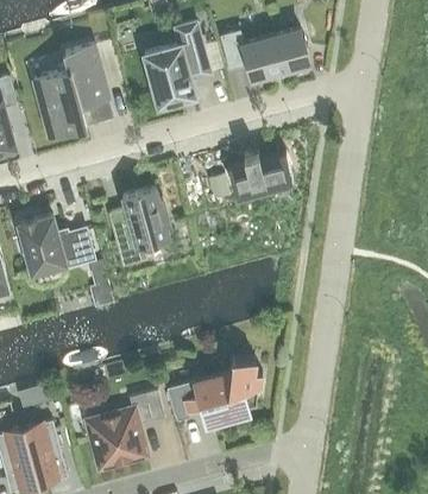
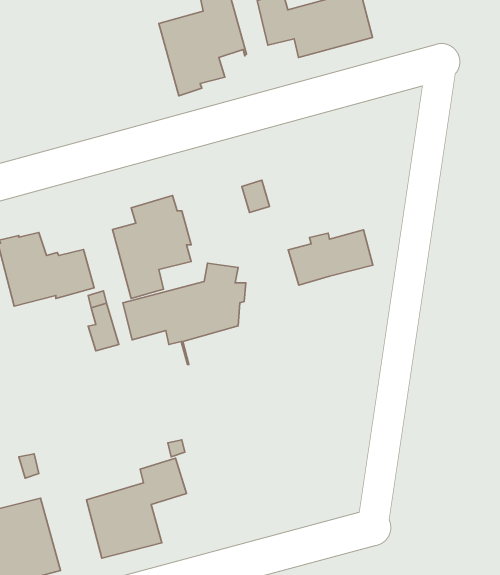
building: [33,45,108,135] -> none
building: [227,152,292,195] -> [288,230,373,285]
building: [166,357,262,436] -> [123,263,246,364]

